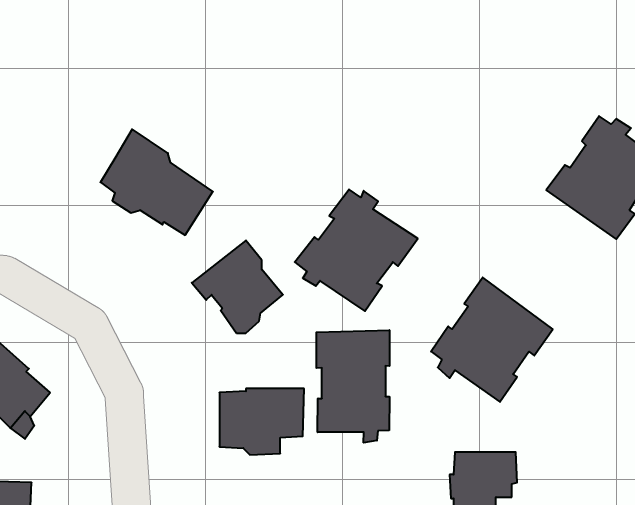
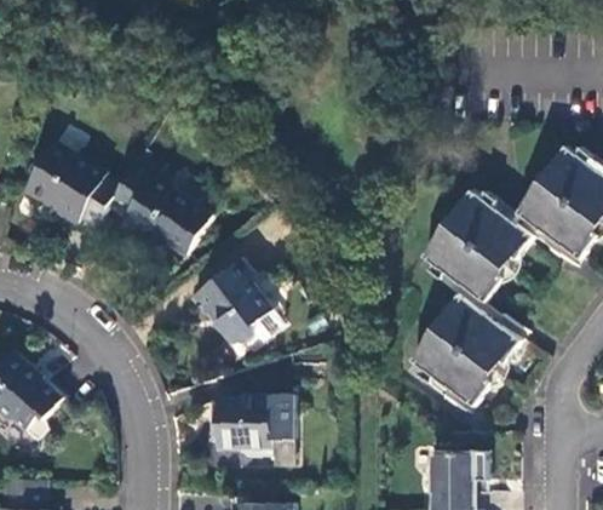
building: none -> [22,147,121,228]
building: [295,189,418,311] -> [421,189,534,300]
building: [316,330,389,443] -> none

